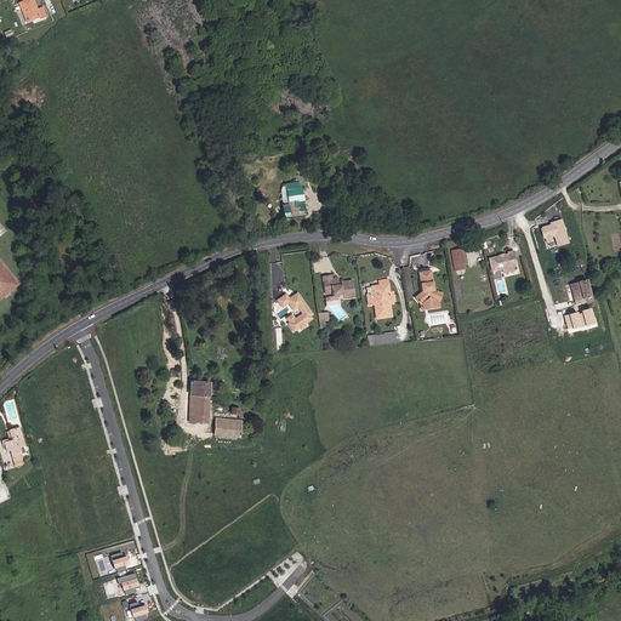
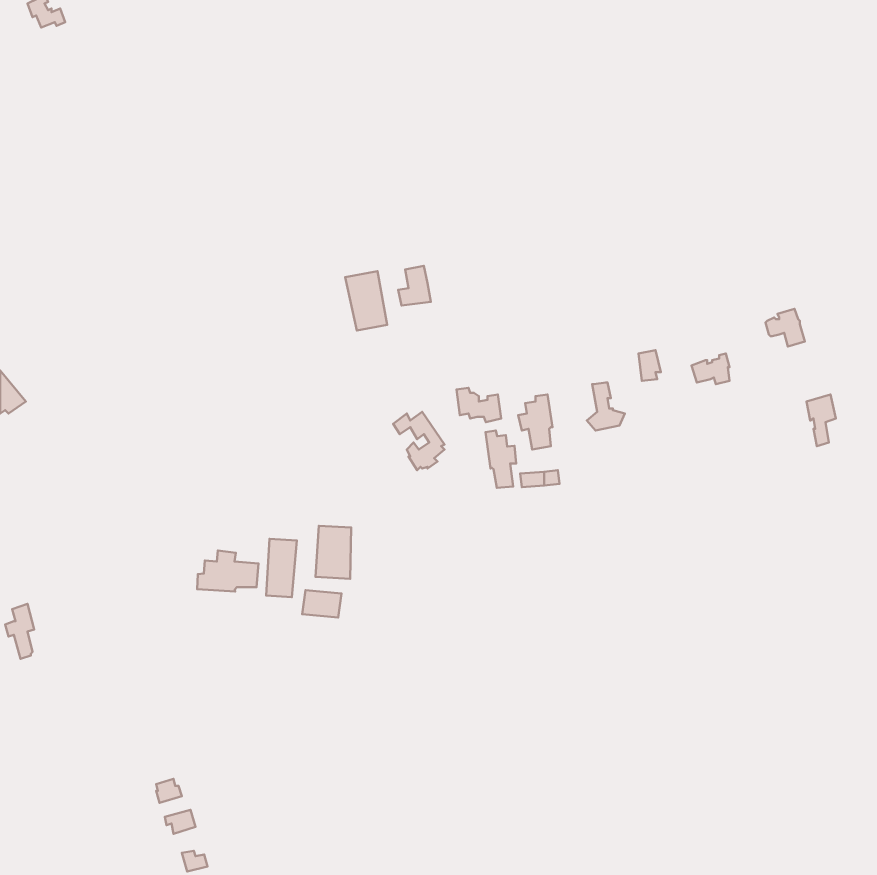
building: none -> [345,271,387,331]
building: none -> [486,431,516,488]
building: none -> [315,526,351,579]
building: none -> [197,551,259,592]

